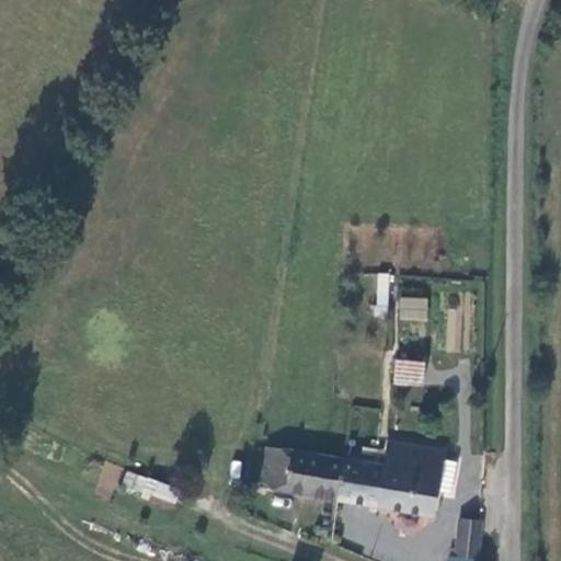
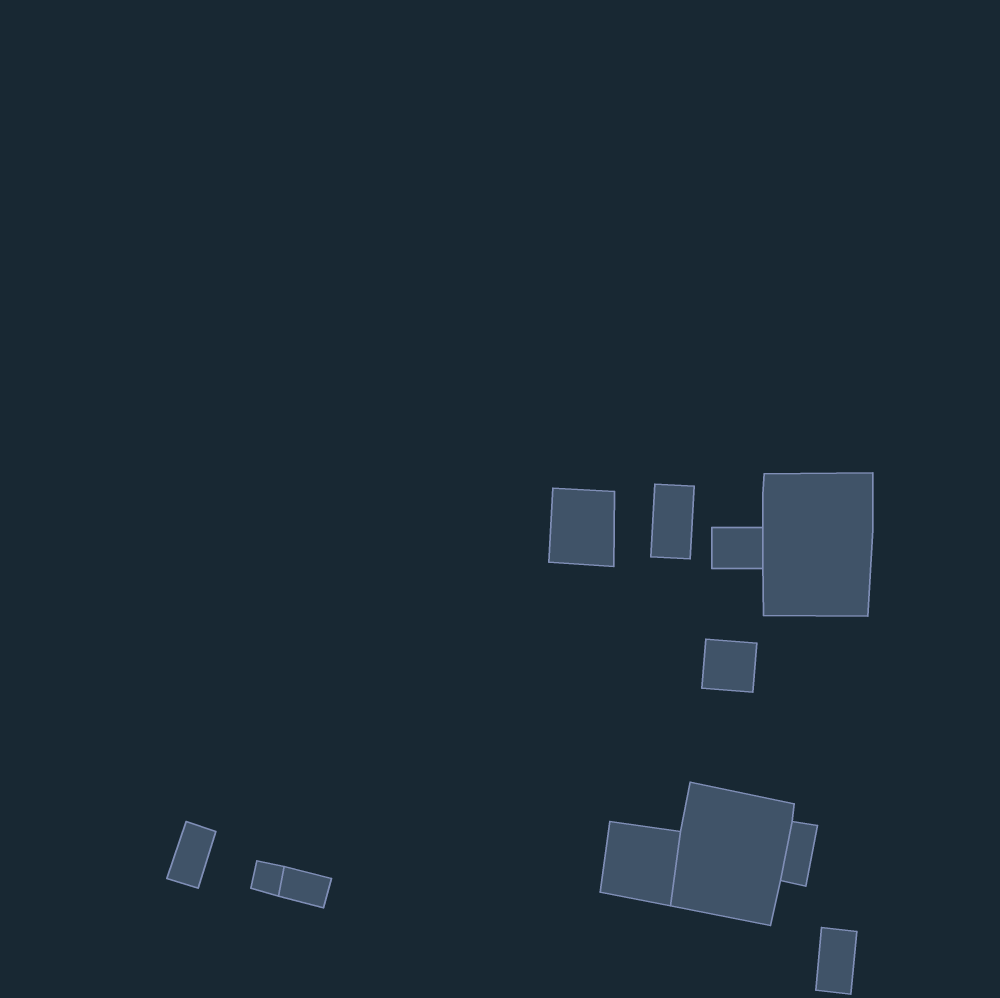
building: none -> [763,473,873,616]
building: none -> [549,488,614,566]
building: [259,447,341,499] -> none

